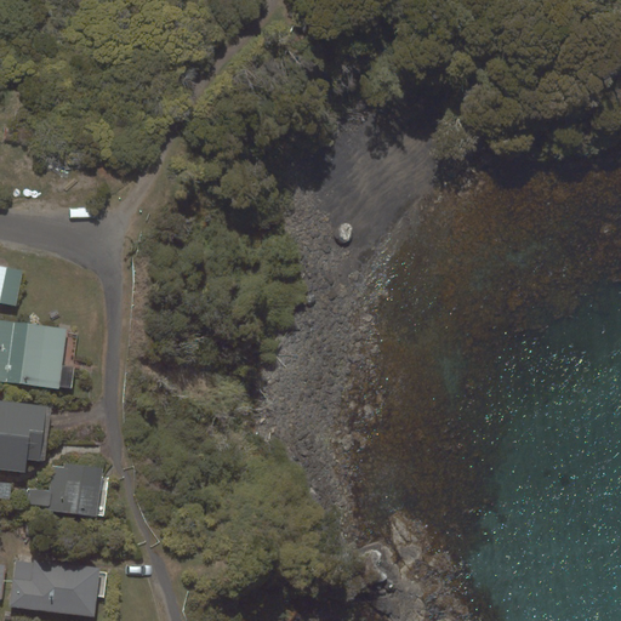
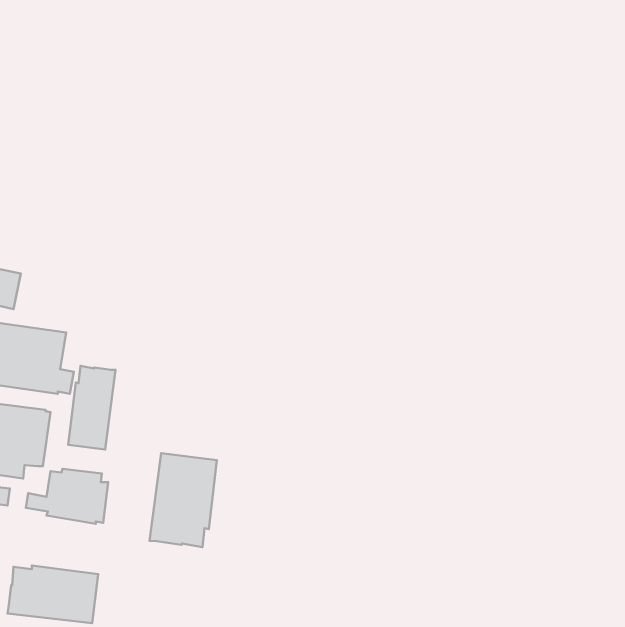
building: none -> [68,366,116,449]
building: none -> [149,453,217,547]

